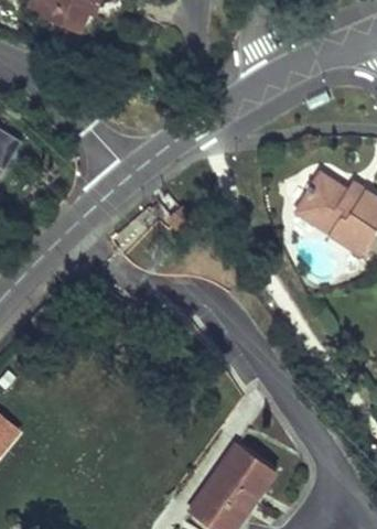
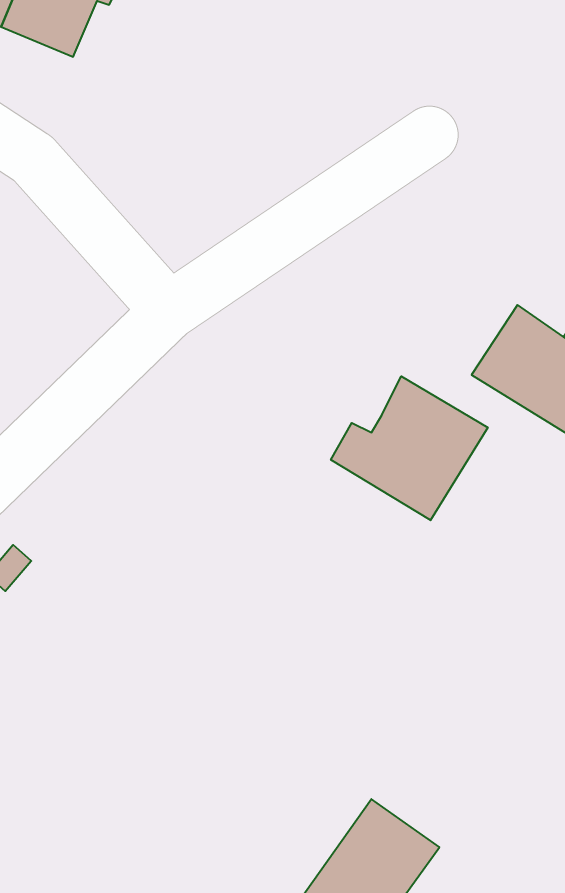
building: none -> [331,376,488,520]

